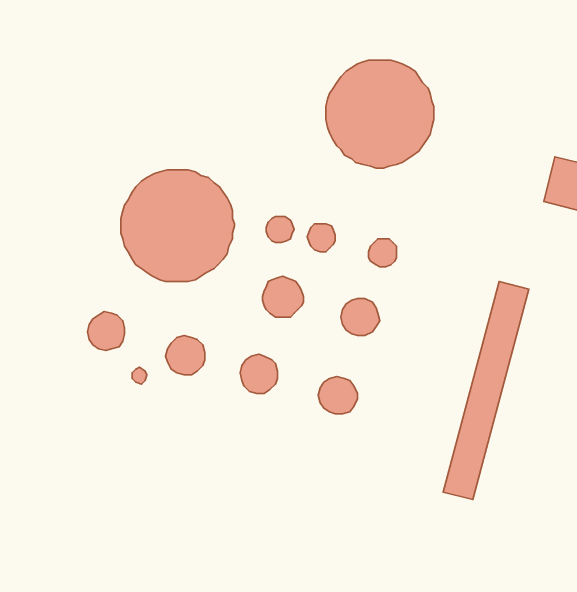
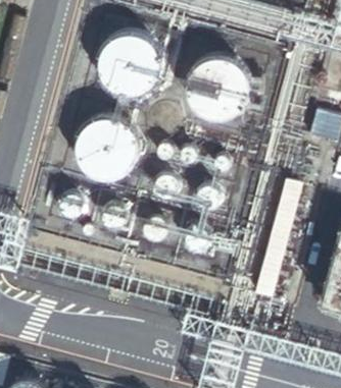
building: none -> [99,37,157,95]

